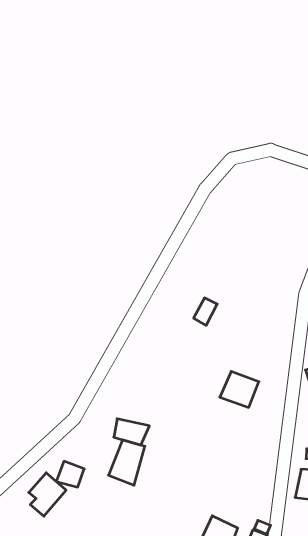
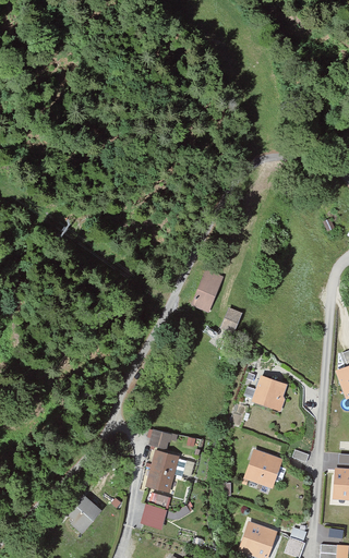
building: none -> [191,267,224,310]
building: none -> [243,449,282,488]
building: [56,461,84,487] -> [140,504,167,529]

